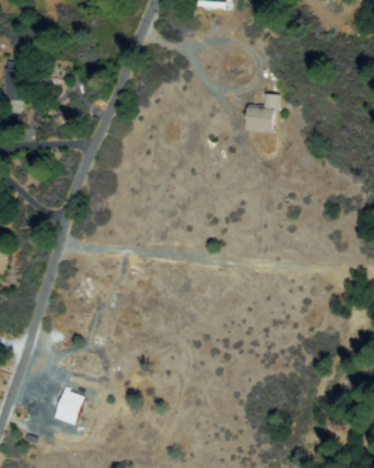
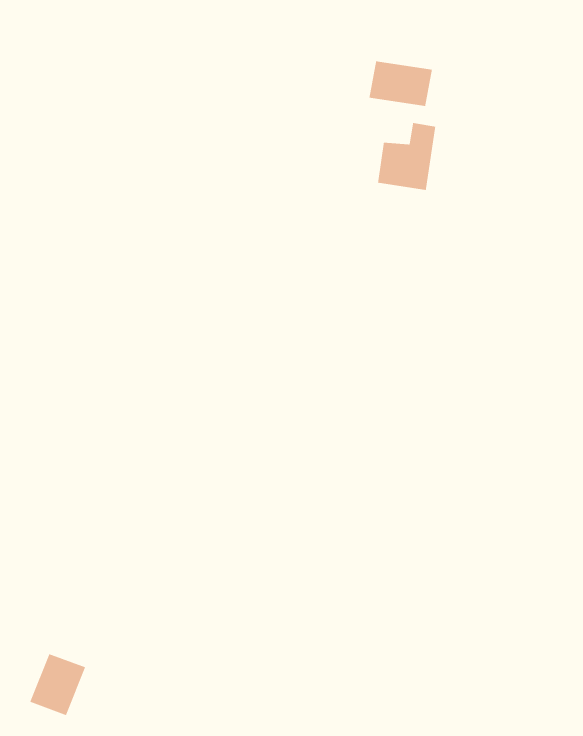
building: none -> [369,60,433,107]

